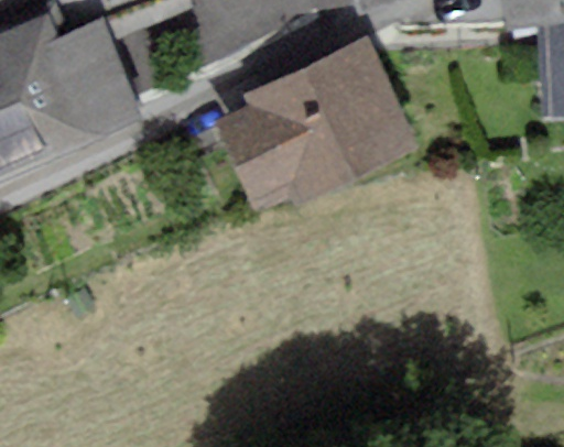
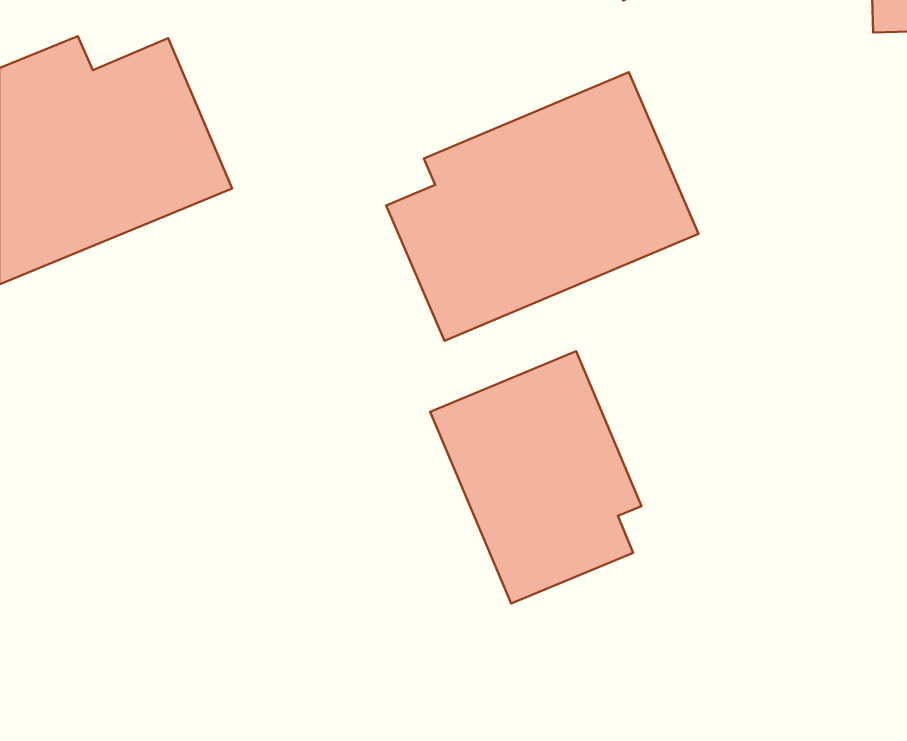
building: none -> [430,351,641,604]

